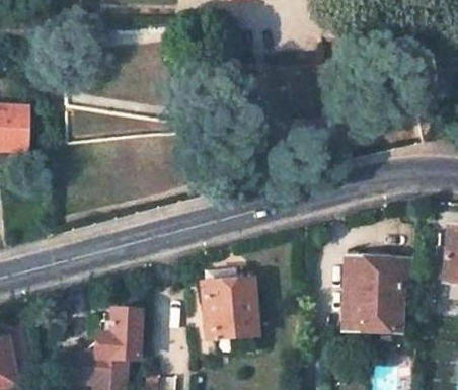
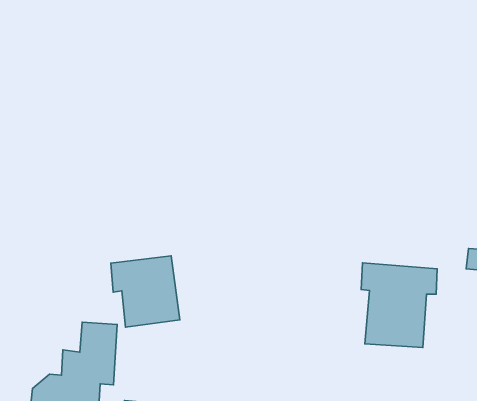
building: [205,280,262,339] -> [111,256,180,327]

